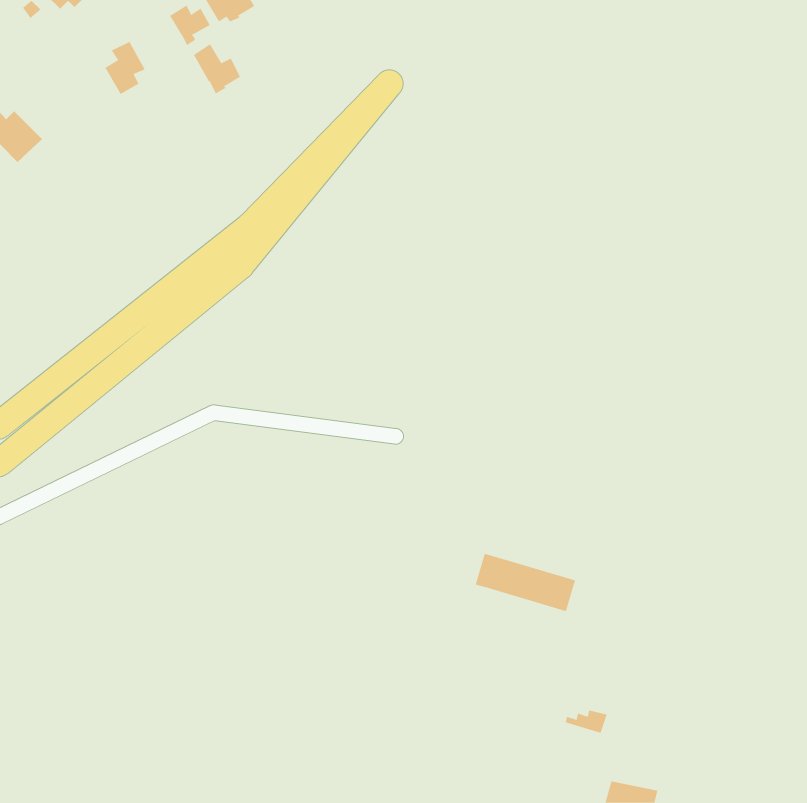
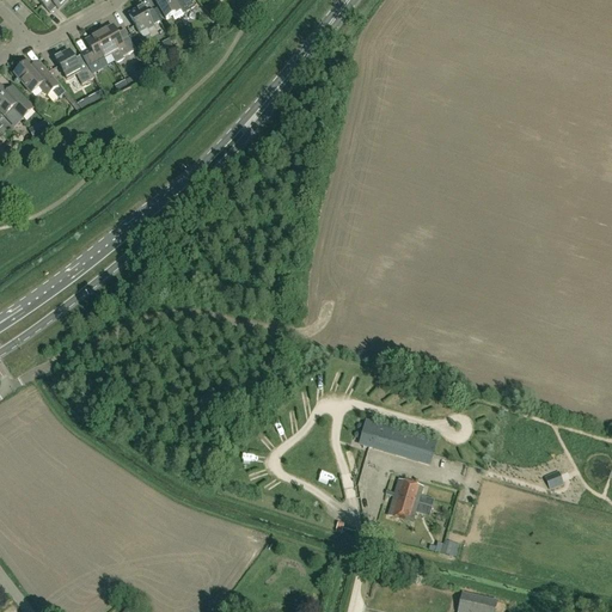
building: [193,44,241,94] -> [98,23,134,61]
building: none -> [54,48,93,82]
building: none -> [13,60,57,93]
building: none -> [388,479,421,519]

